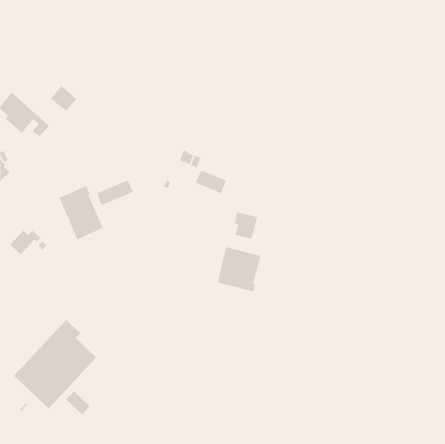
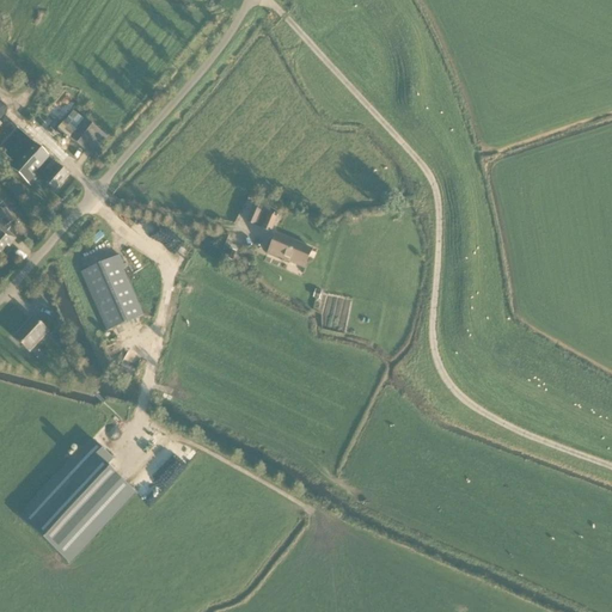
building: [96,180,134,206] -> none
building: [217,246,261,292] -> none
building: [65,390,90,416] -> none

